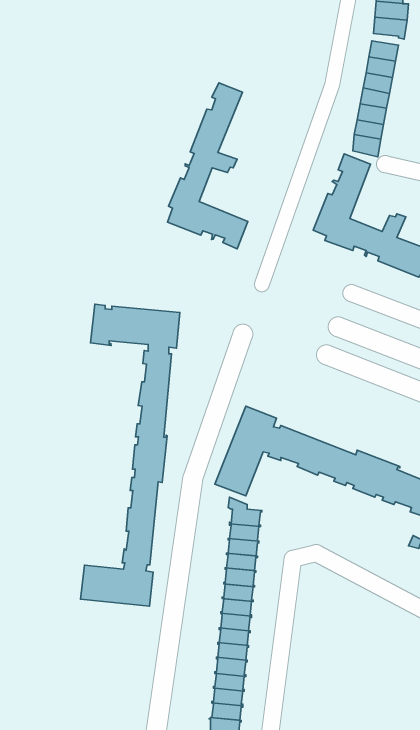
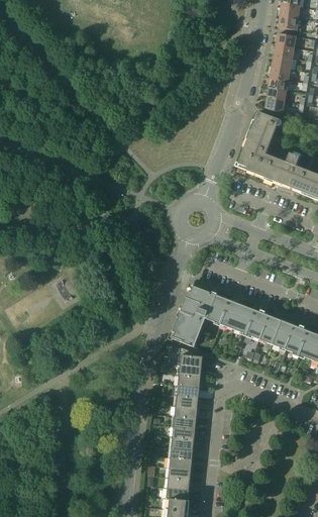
building: [167,83,248,249] -> none
building: [81,304,180,606] -> none

